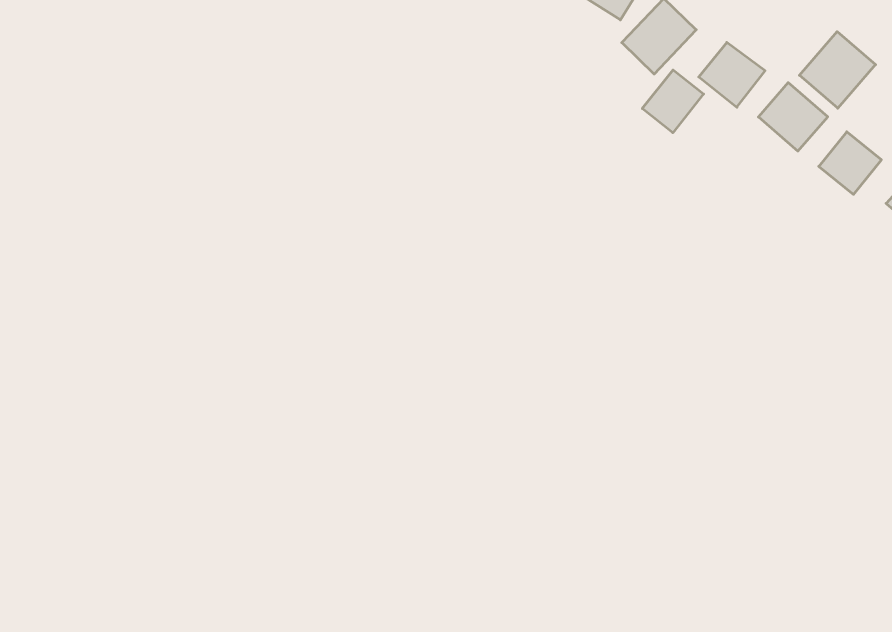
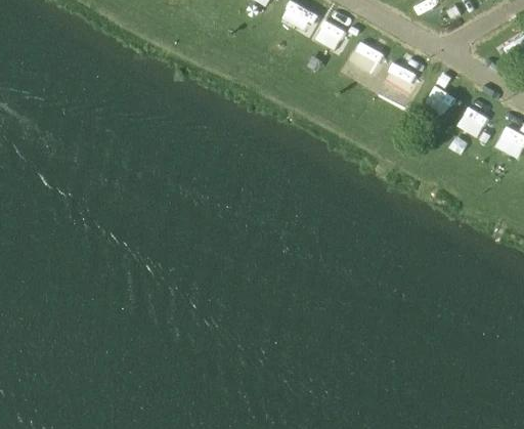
building: [799,32,876,108] -> none
building: [642,70,704,133] -> none

